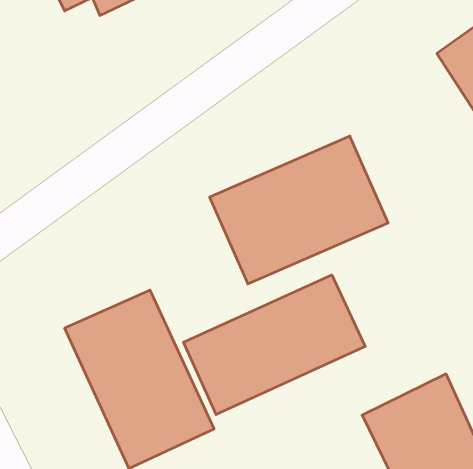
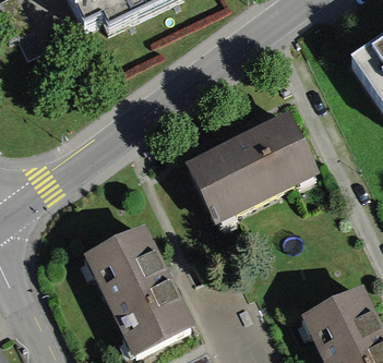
building: [184,275,365,415] -> none

